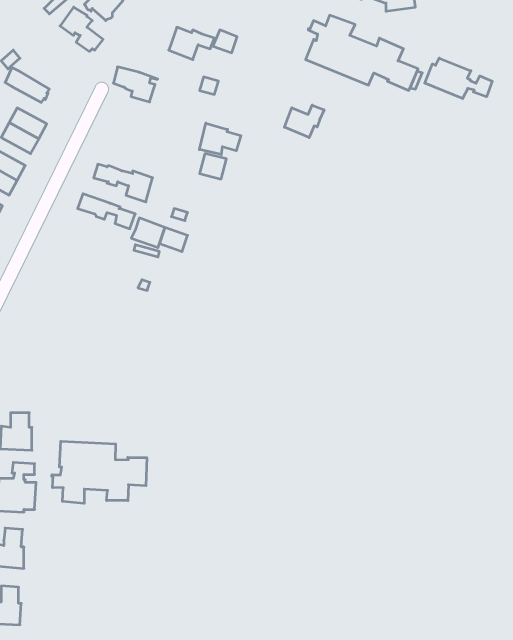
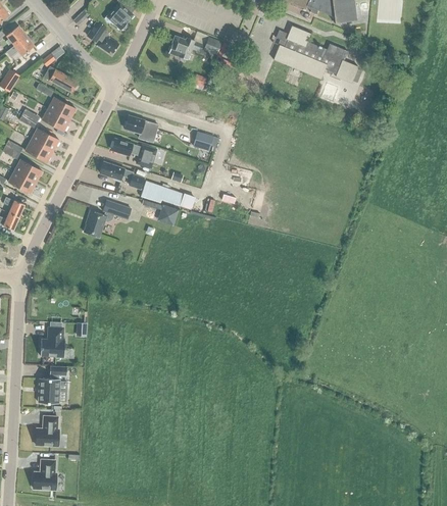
building: [425,58,492,99] -> none
building: [113,67,158,102] -> [125,115,158,142]
building: [284,105,324,138] -> none
building: [199,123,241,155] -> none
building: none -> [84,200,131,237]
building: [52,441,147,503] -> none

